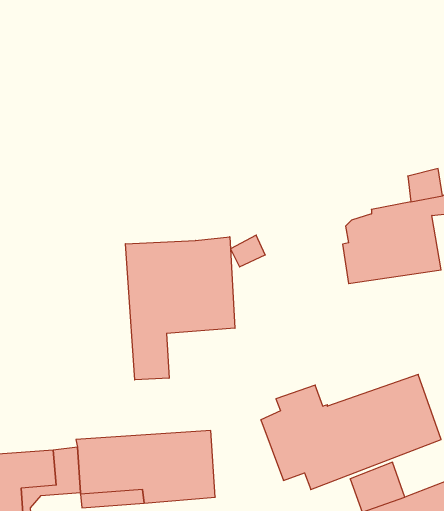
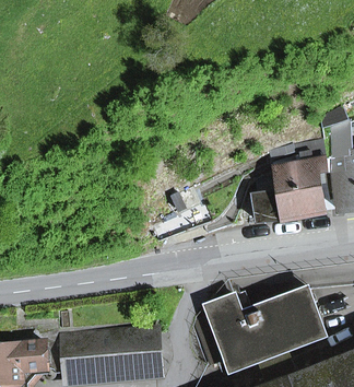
building: [125,237,235,380] -> none

